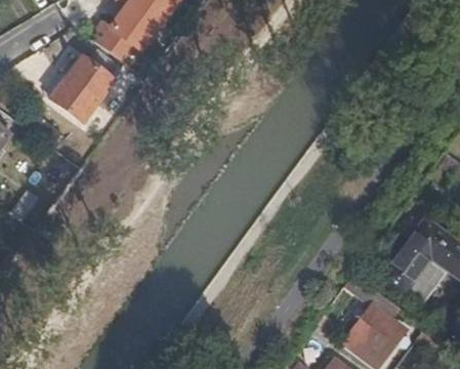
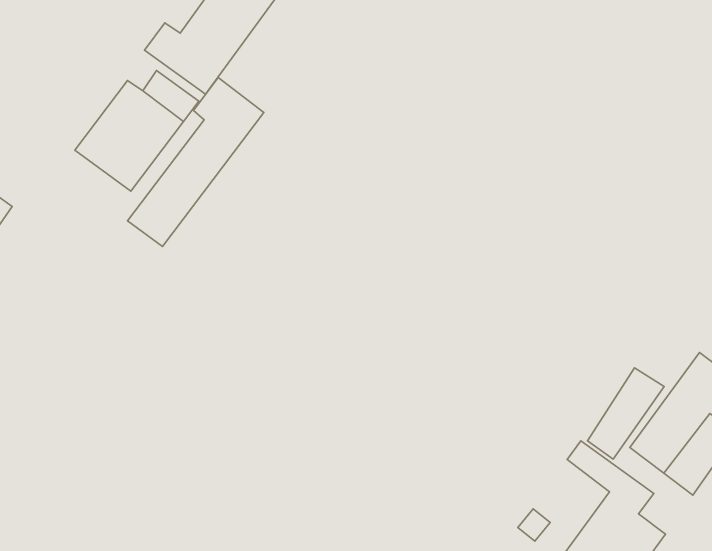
building: none -> [127,77,264,247]
building: none -> [587,368,664,459]

